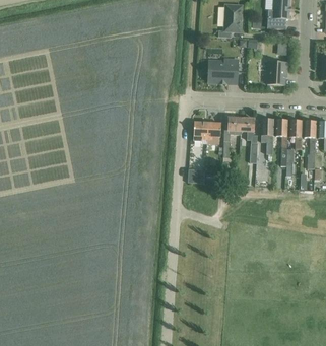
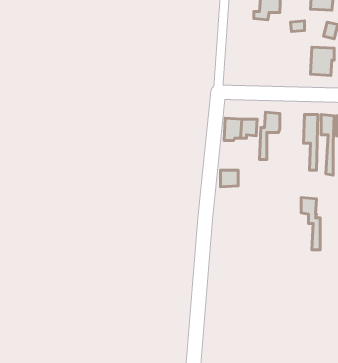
building: [207,59,239,82] -> none
building: [241,117,257,161] -> [301,198,320,250]

